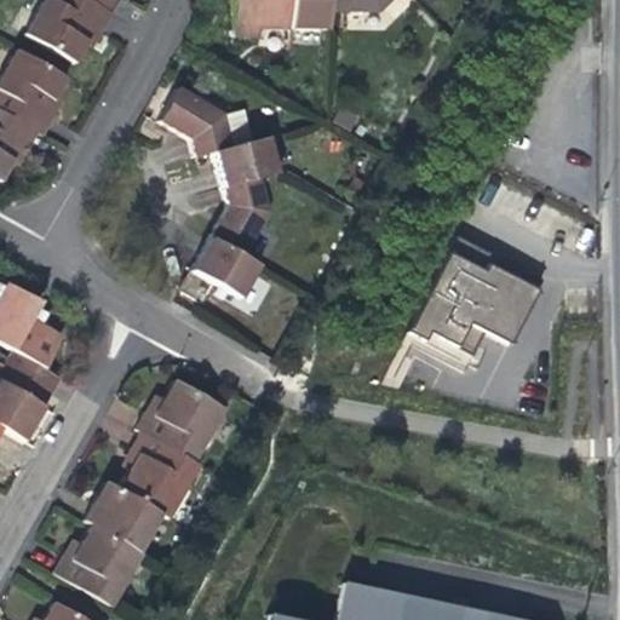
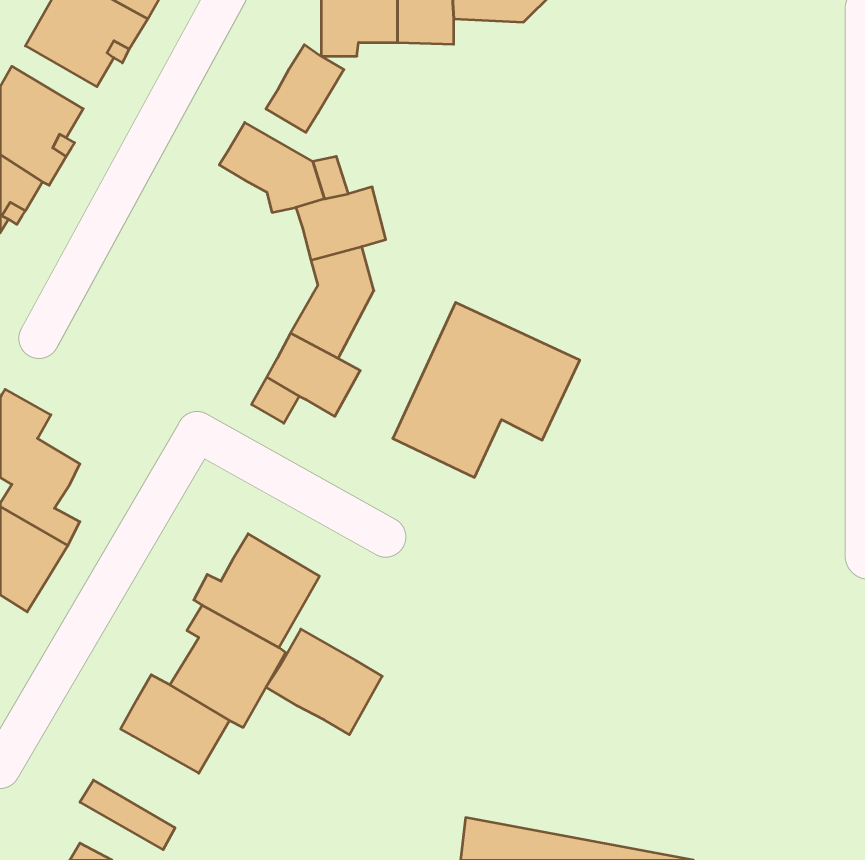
building: none -> [266,45,344,132]
building: [409,240,542,364] -> [393,302,580,477]
building: none -> [266,629,382,735]
building: [69,524,149,590] -> none

